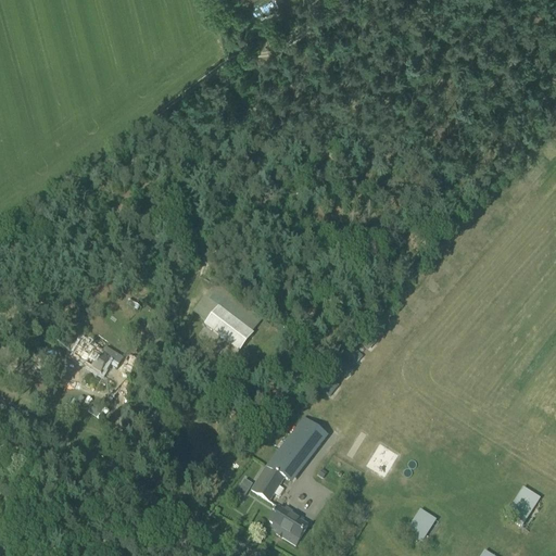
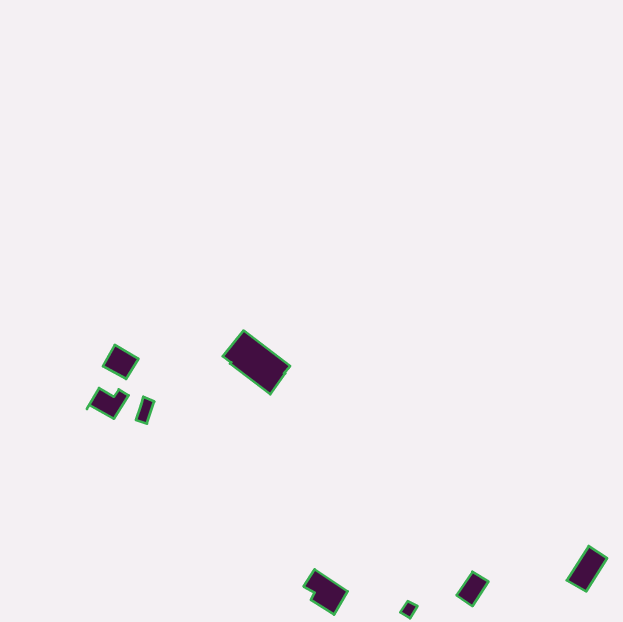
building: none -> [103,345,138,379]
building: [253,417,325,498] -> none

